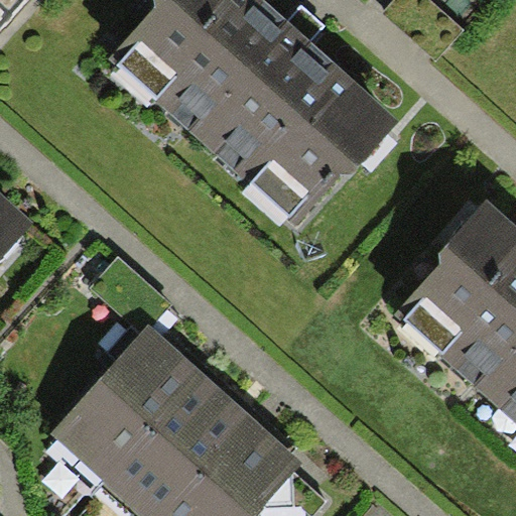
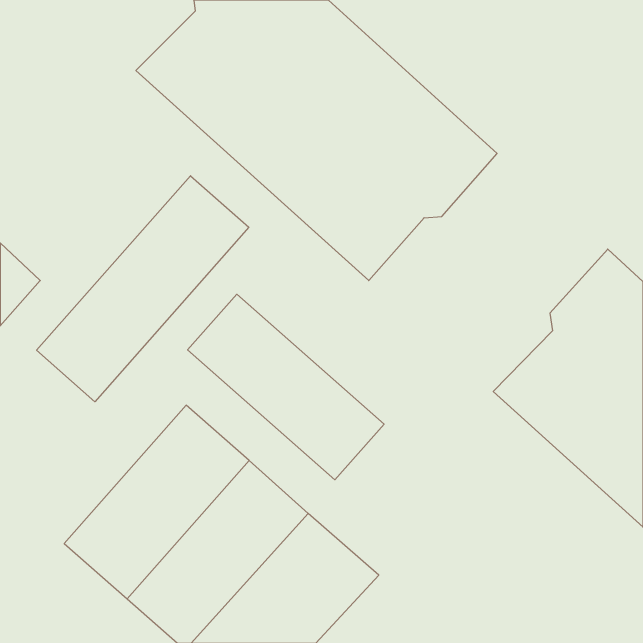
building: none -> [37,176,249,402]
building: none -> [188,294,384,480]

